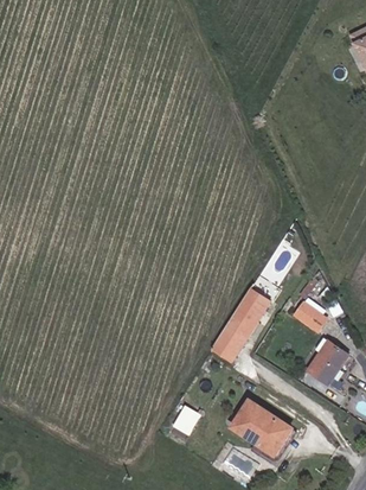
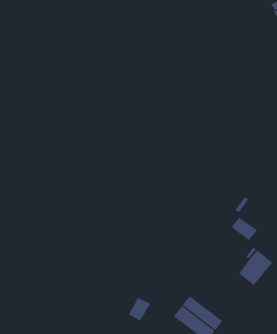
building: [214,285,277,356] -> none

